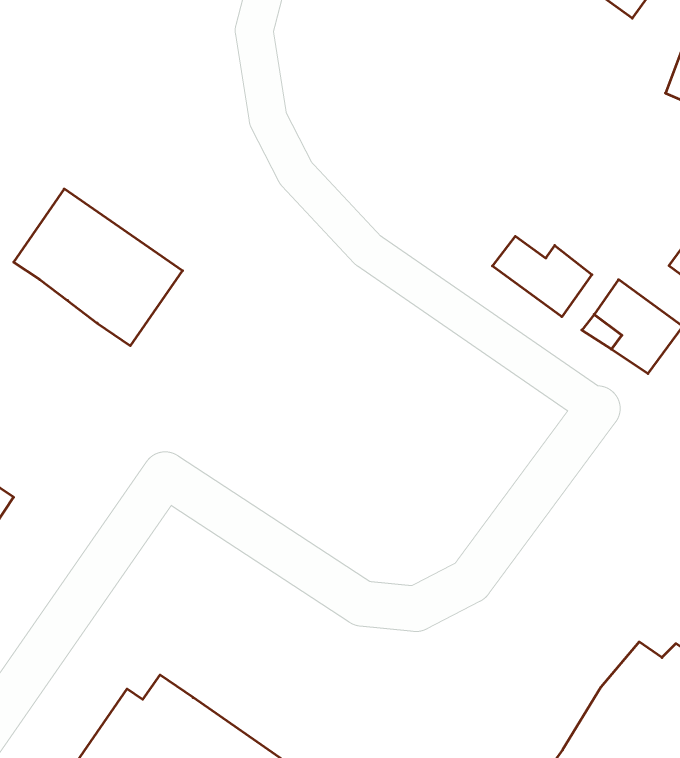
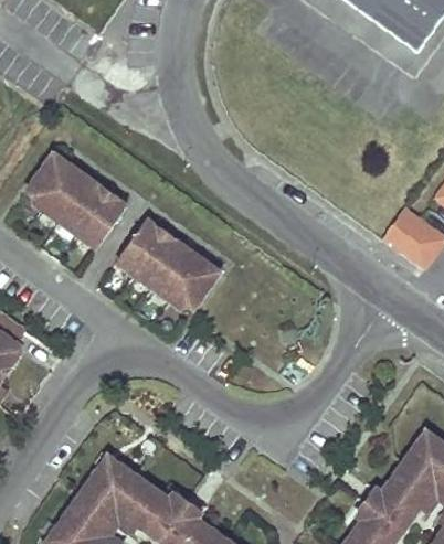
building: [492,236,592,317] -> none
building: none -> [116,218,222,317]

